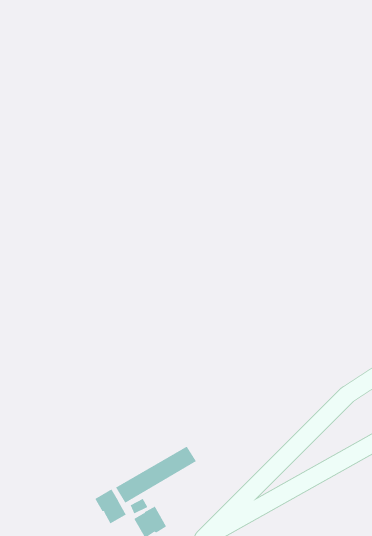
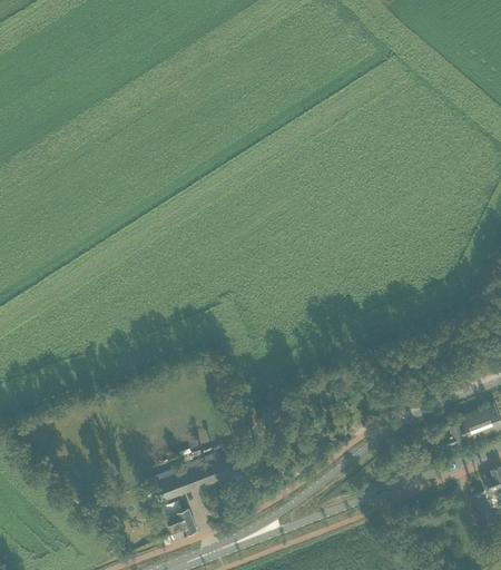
building: [95,488,127,524] -> none

